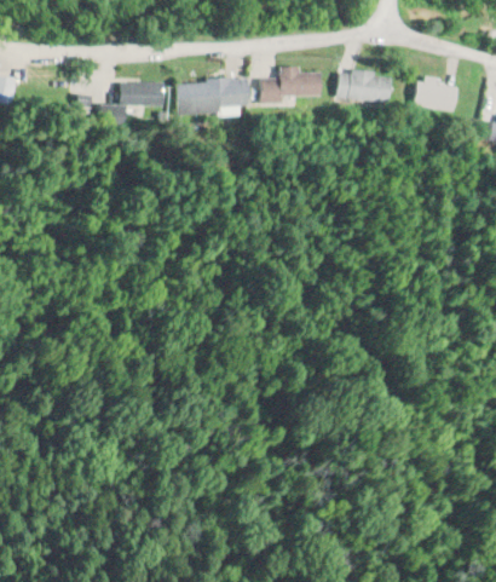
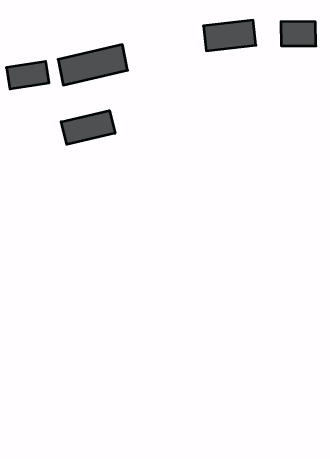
building: [259,67,318,100] -> none
building: none -> [61,111,115,144]

